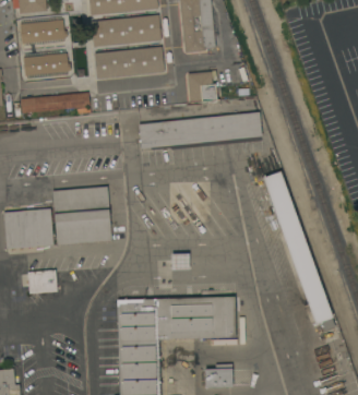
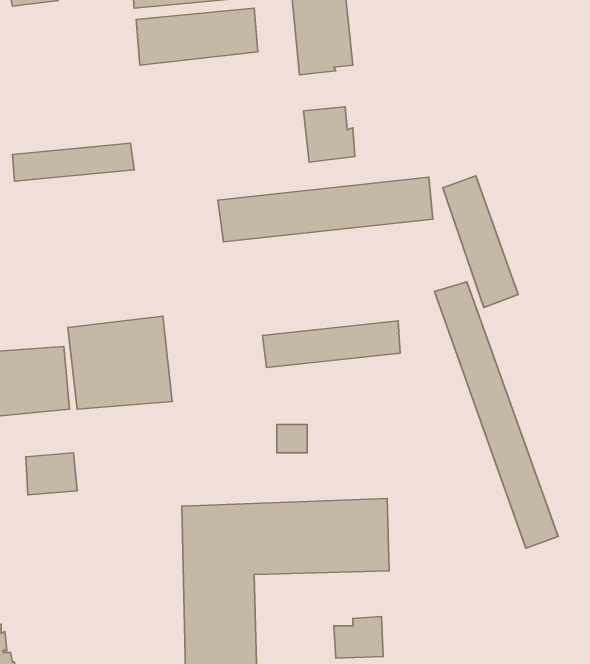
building: [21,16,68,44] -> none
building: [95,46,165,79] -> none
building: [24,50,72,75] -> none
building: none -> [443,176,518,308]
building: none -> [262,321,400,367]

